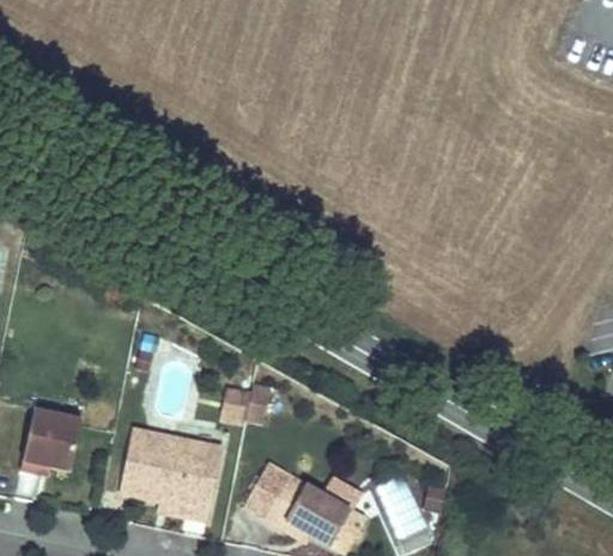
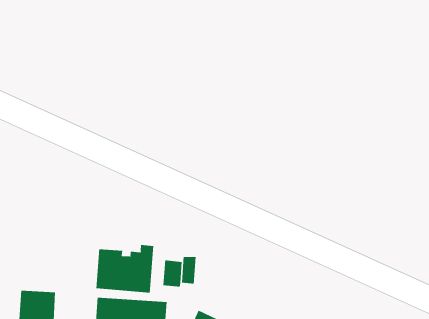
building: none -> [96,244,154,293]

